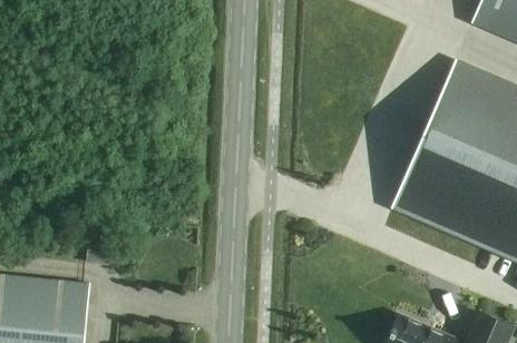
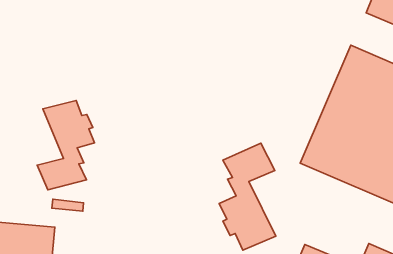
building: none -> [37,101,94,190]
building: none -> [219,143,276,250]

